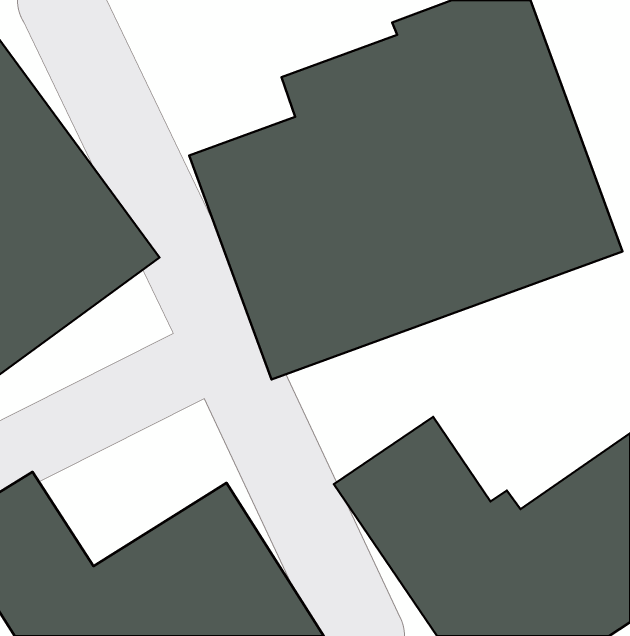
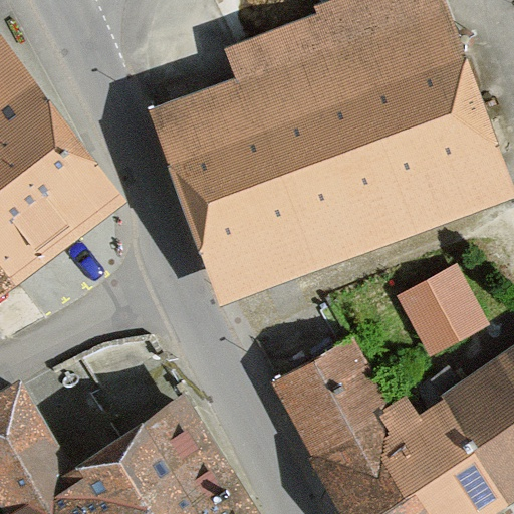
building: none -> [394,247,488,343]

